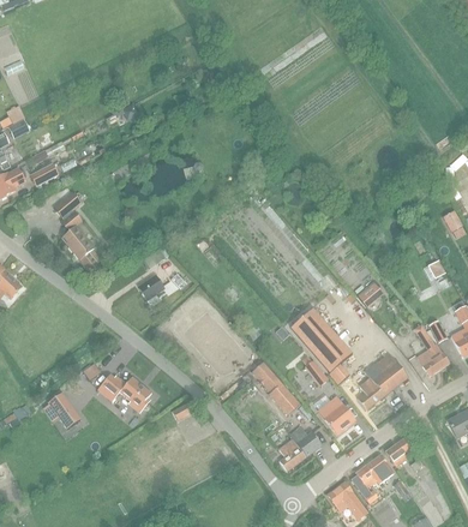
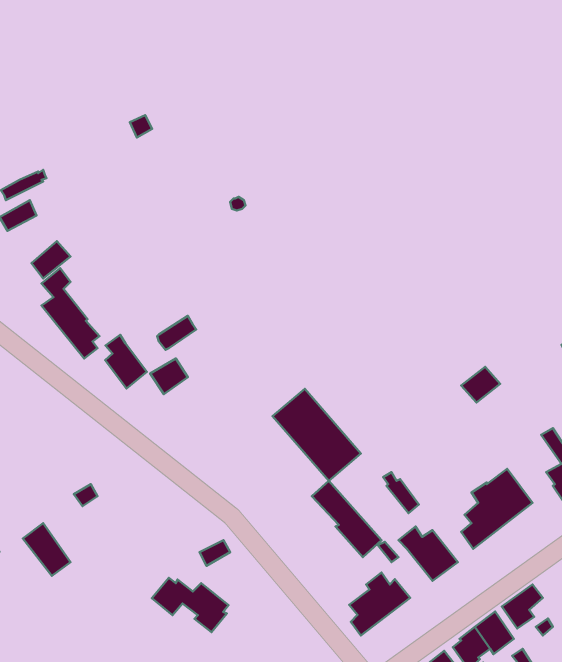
building: none -> [105,335,147,389]
building: [289,307,352,372] -> [273,389,361,481]
building: [97,373,151,412] -> [152,578,228,632]

